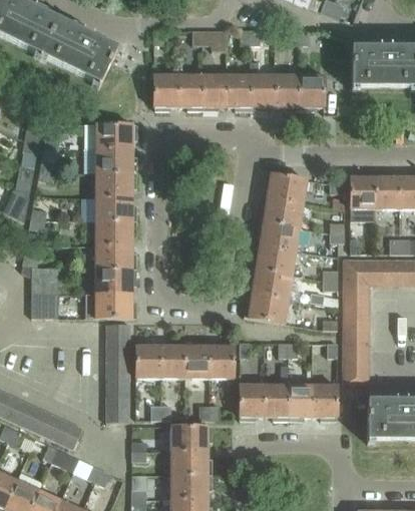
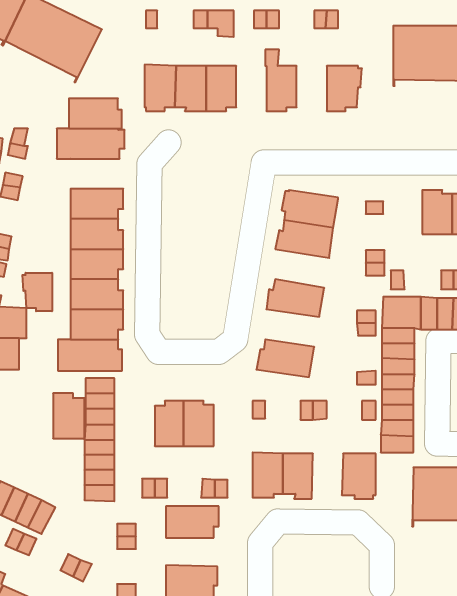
building: [227,74,251,110] -> none
building: [275,74,299,110] -> none
building: [94,148,136,172] -> [69,98,122,129]
building: [351,173,376,219] -> none
building: [256,220,301,251] -> none
building: none -> [22,273,52,311]
building: [248,269,293,299] -> none
building: [136,342,161,378] -> [53,393,84,438]
building: [209,342,234,378] -> none
building: [287,384,312,420] -> none
building: [170,451,212,474] -> none

